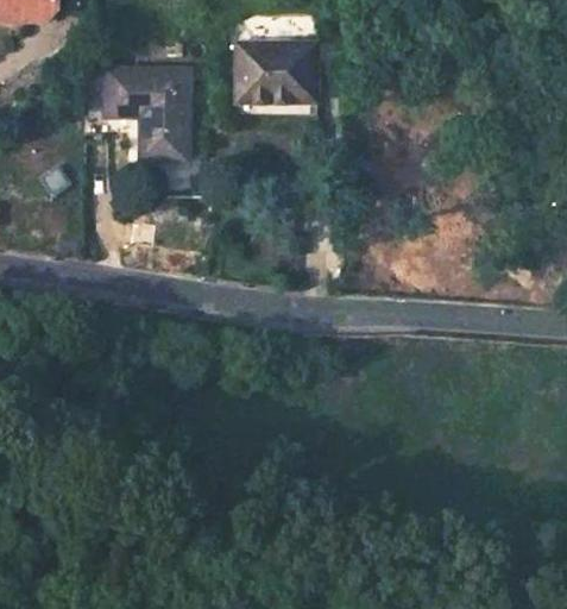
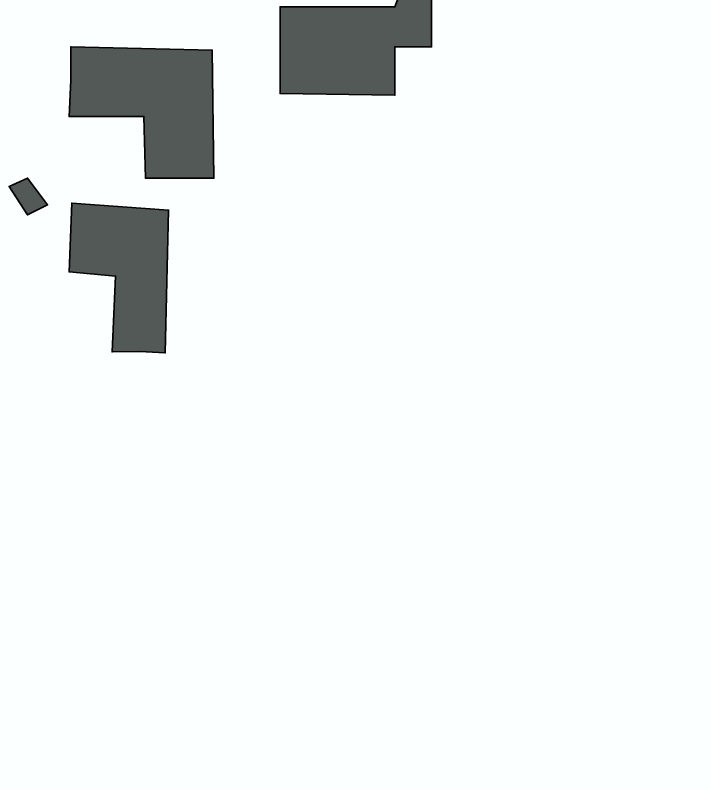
building: none -> [69,203,168,353]

